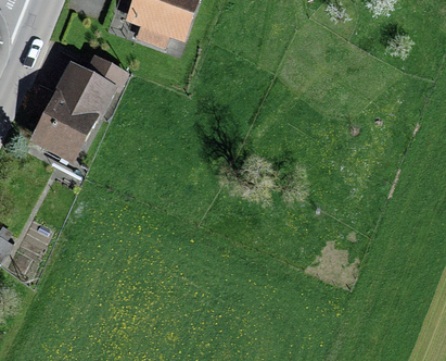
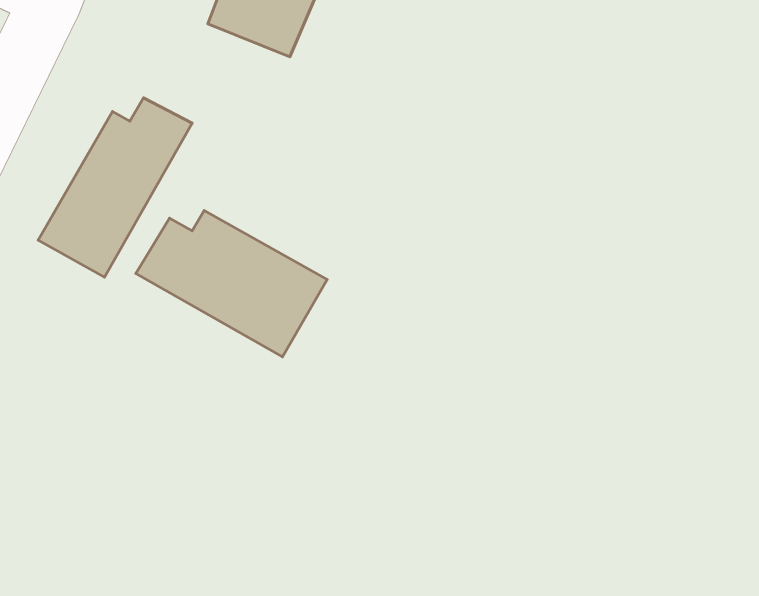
building: none -> [136,210,327,357]

